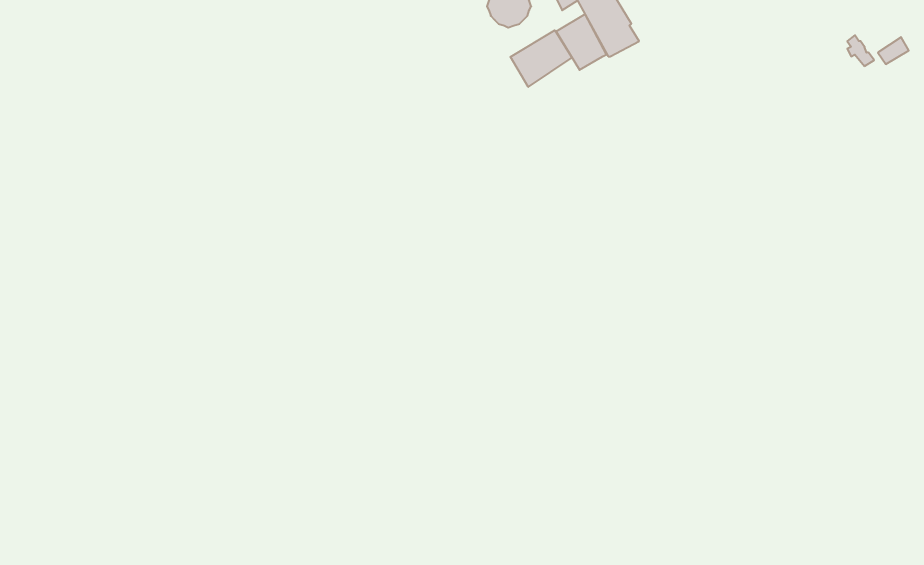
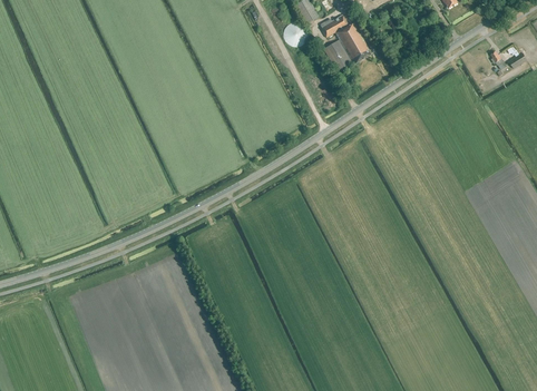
building: [510,30,572,87] -> none

